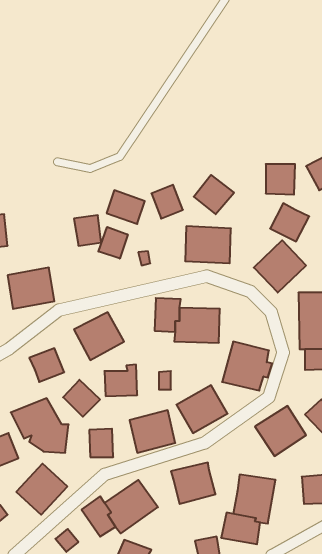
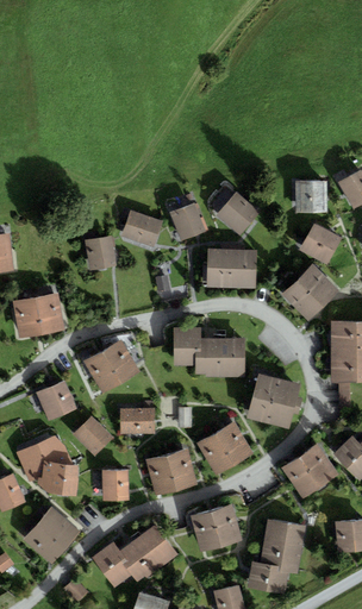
building: [98,227,128,259] -> none

